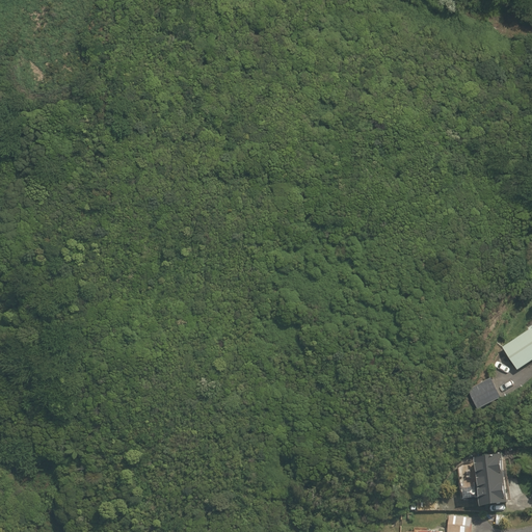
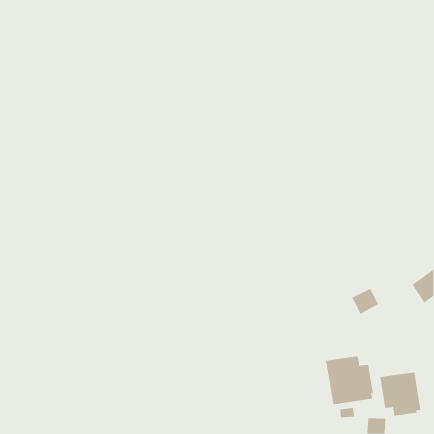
building: [467,377,500,409] -> [352,288,379,314]
building: none -> [326,355,374,405]

